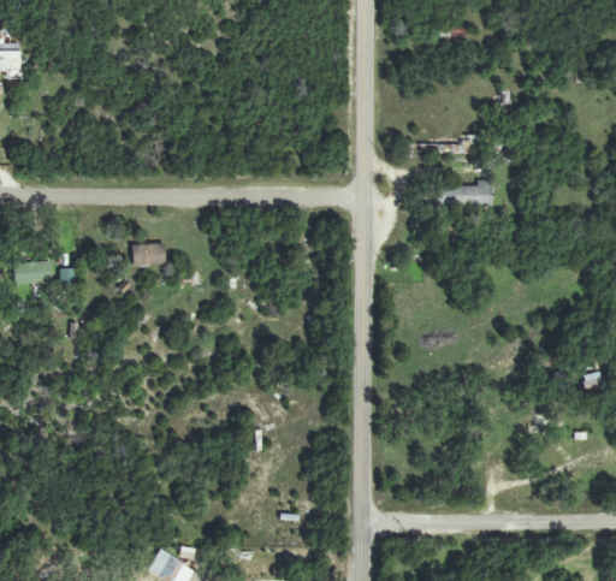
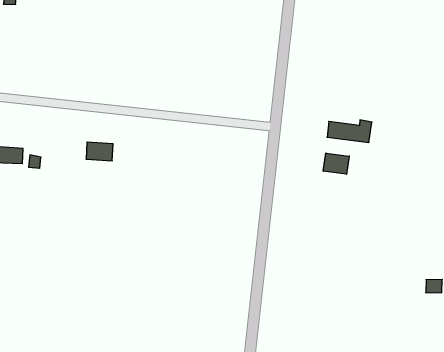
building: none -> [323,153,349,174]

